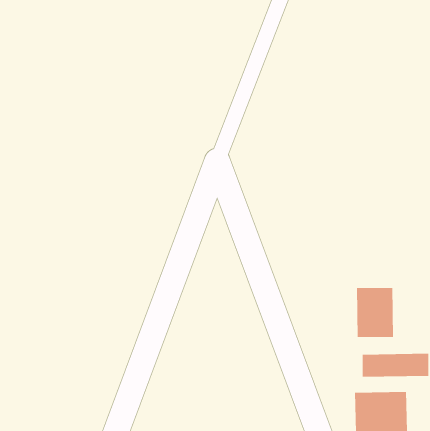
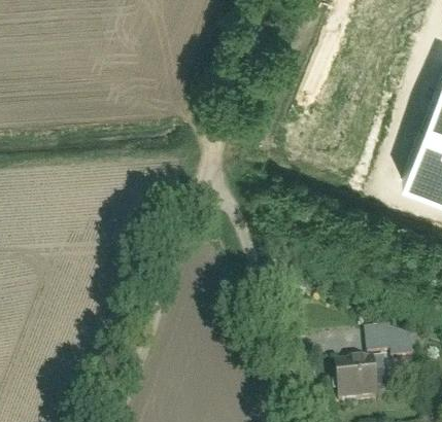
building: [356,287,394,338] -> none

